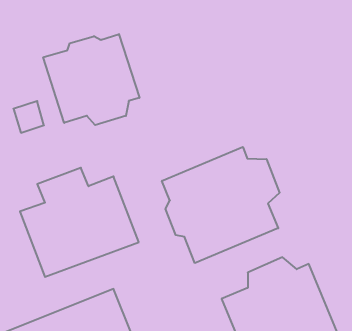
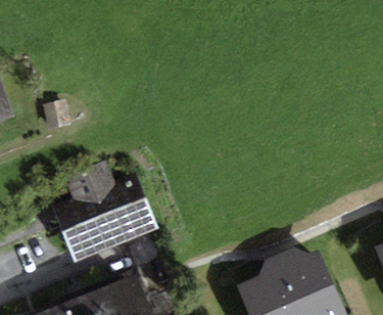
building: [43,34,139,125] -> none
building: [162,147,280,263] -> none

